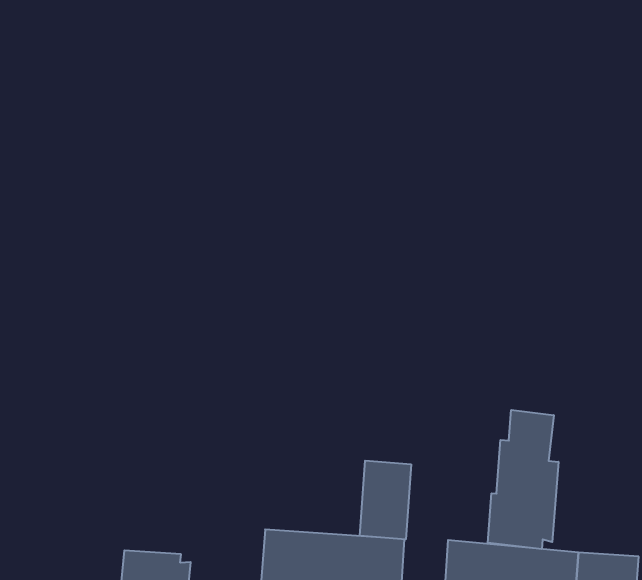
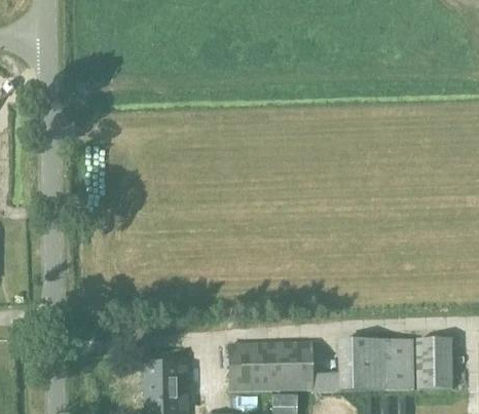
building: [488,410,558,549] -> none
building: [360,461,411,539] -> none

